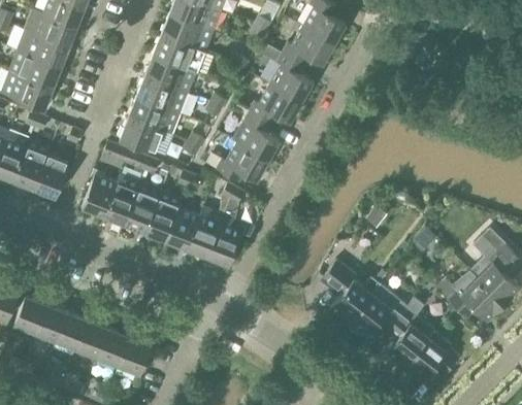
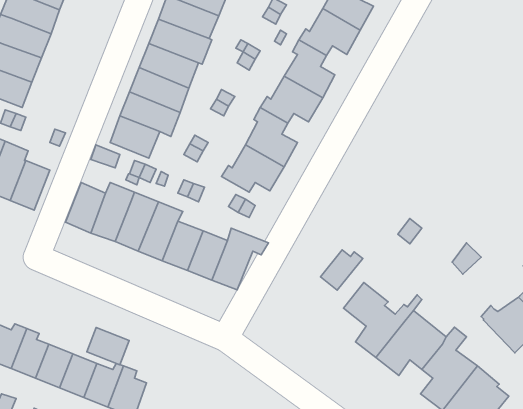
building: none -> [320,250,363,290]
building: none -> [87,327,129,365]

